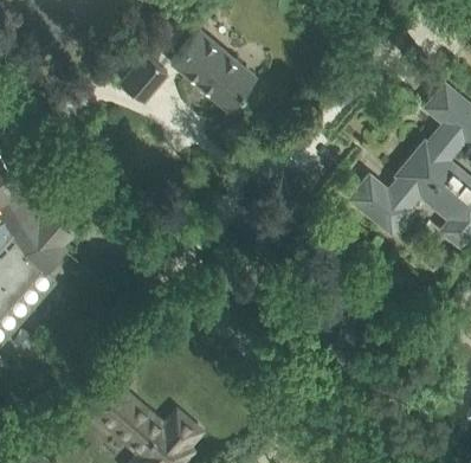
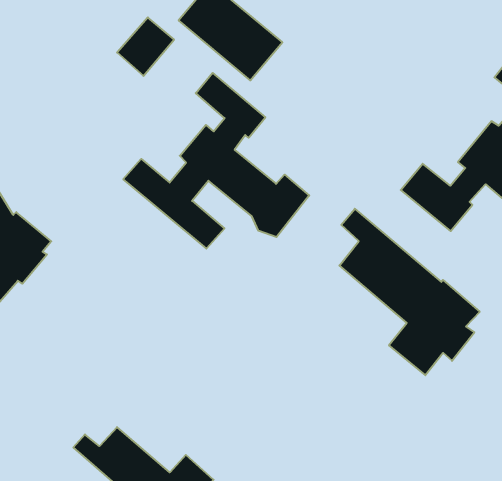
building: none -> [123,73,309,249]
building: none -> [339,209,480,375]

